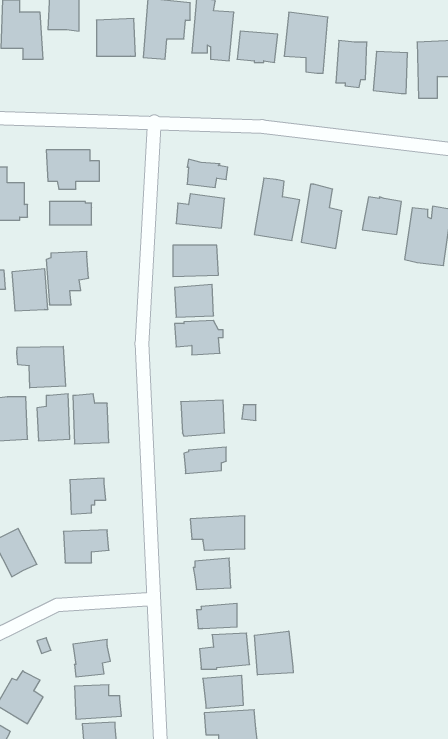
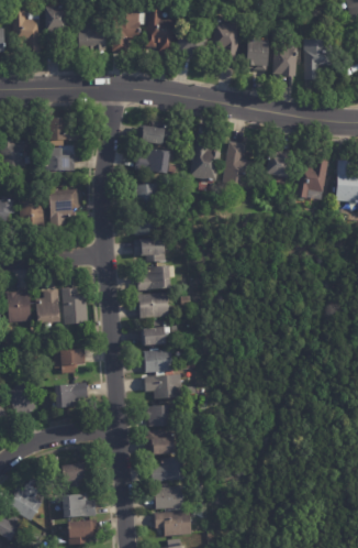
building: [17,346,66,388] -> none
building: none -> [135,265,174,292]
building: none -> [142,349,170,372]
building: [254,631,293,675] -> none

